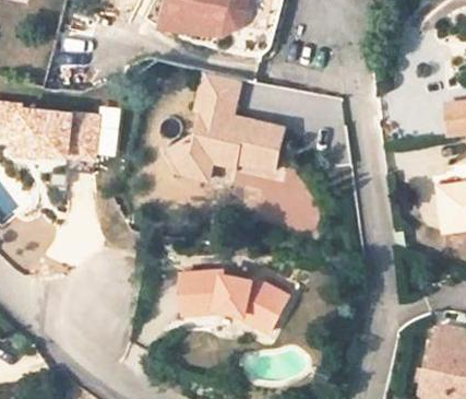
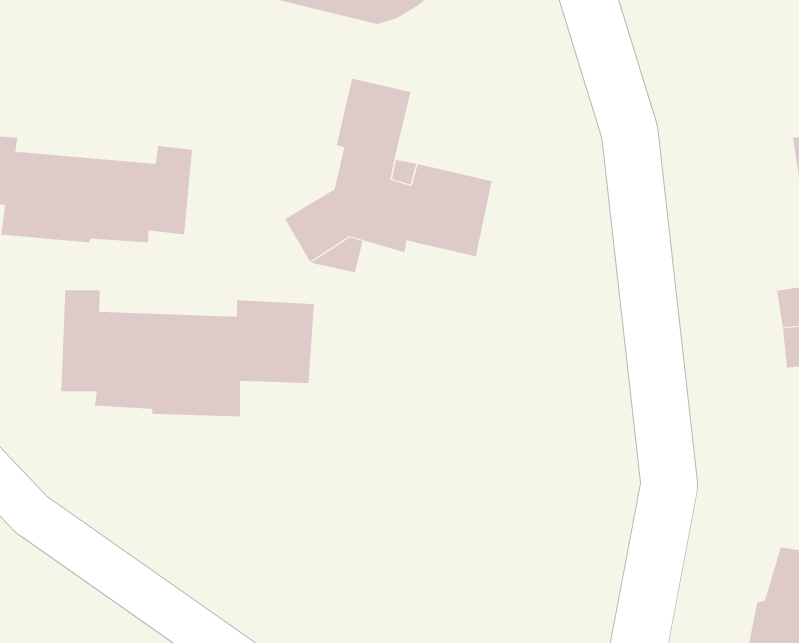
building: none -> [61,290,314,417]
building: [182,271,288,330] -> none

